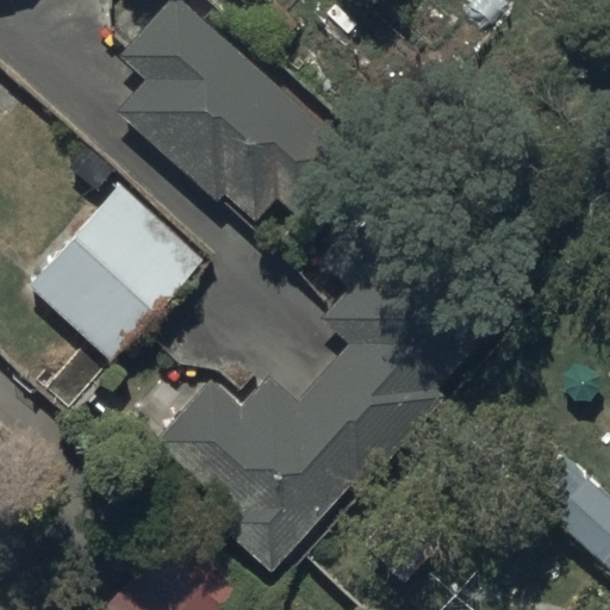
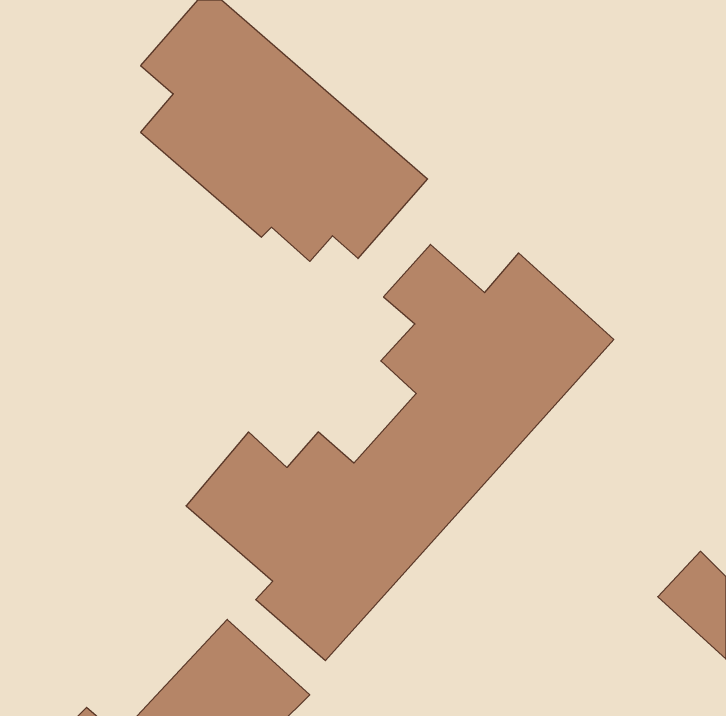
building: [30,192,205,368] -> none

